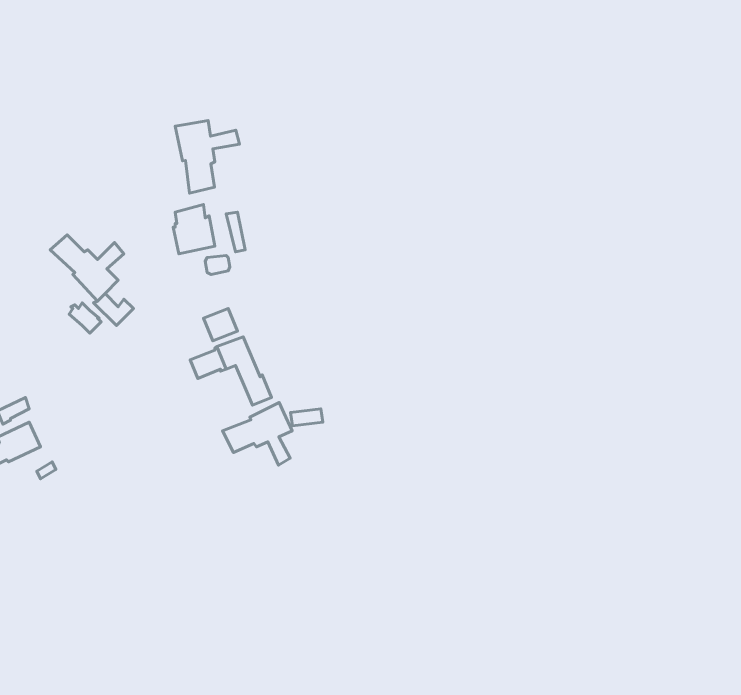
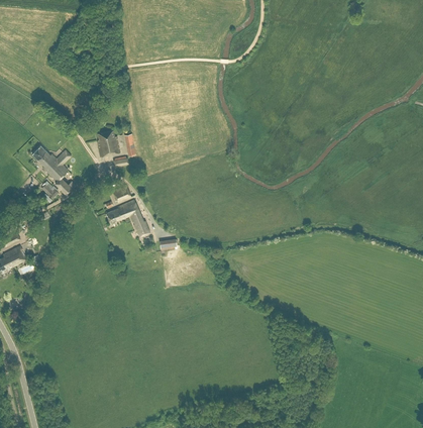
building: [175,121,240,193] -> none
building: [222,402,292,465] -> none

